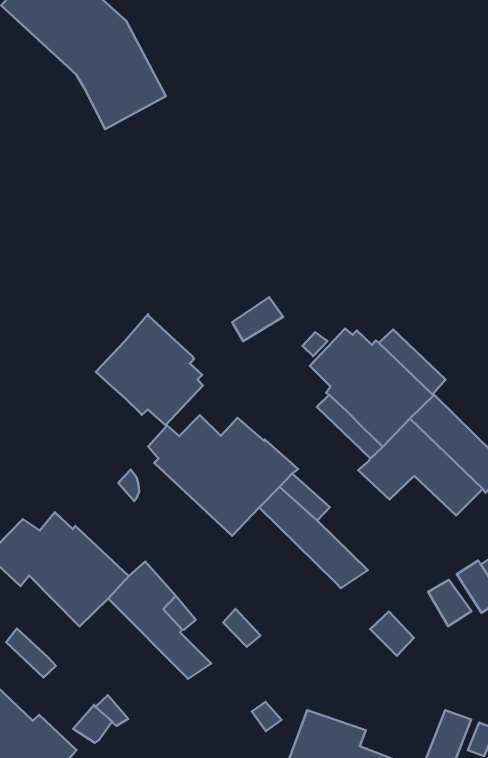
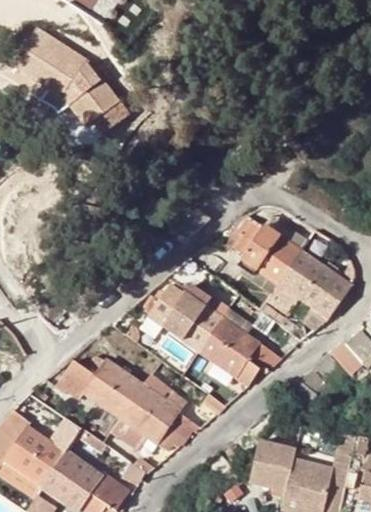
building: [96,314,203,425] -> none
building: none -> [199,332,263,386]
building: none -> [109,399,187,451]

